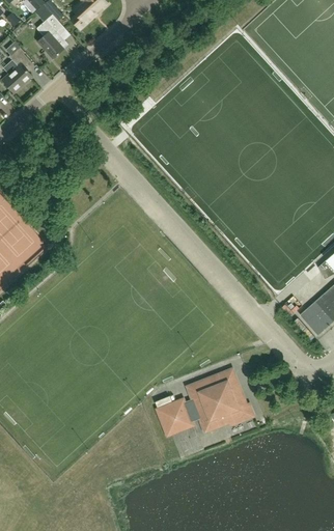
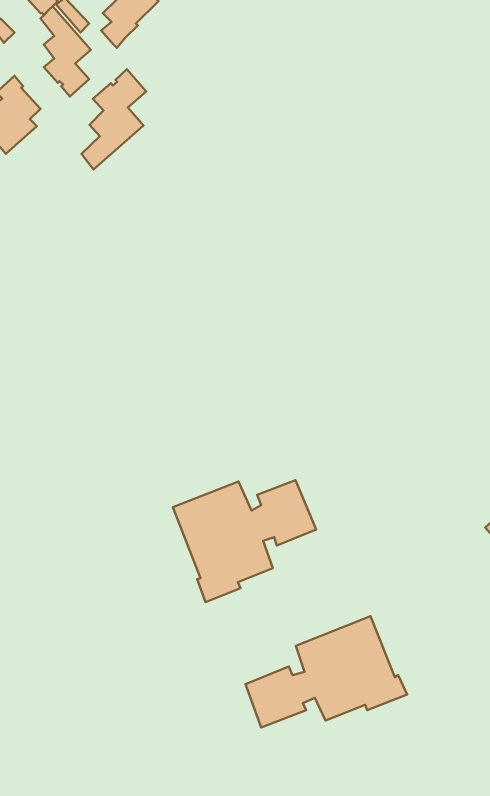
building: none -> [82,69,146,170]
building: none -> [173,480,316,602]

